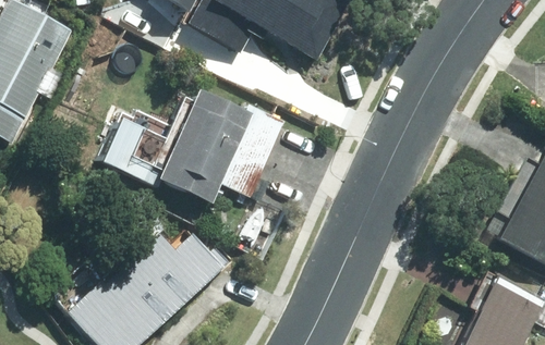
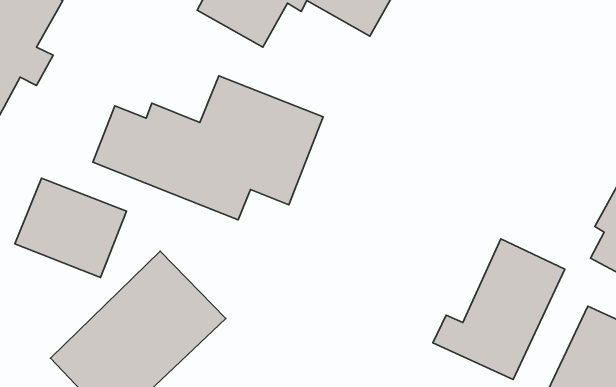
building: none -> [15,178,126,278]
building: none -> [433,239,565,379]

